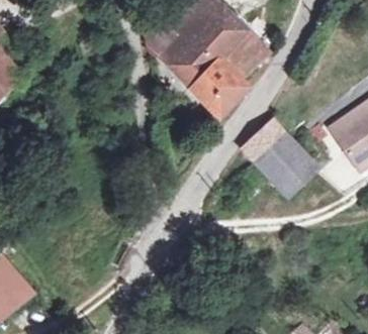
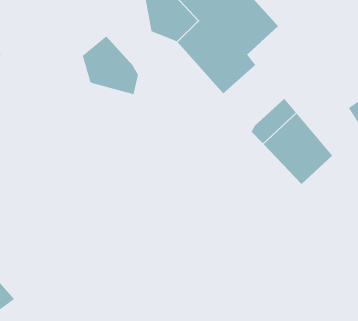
building: none -> [82,35,139,95]

